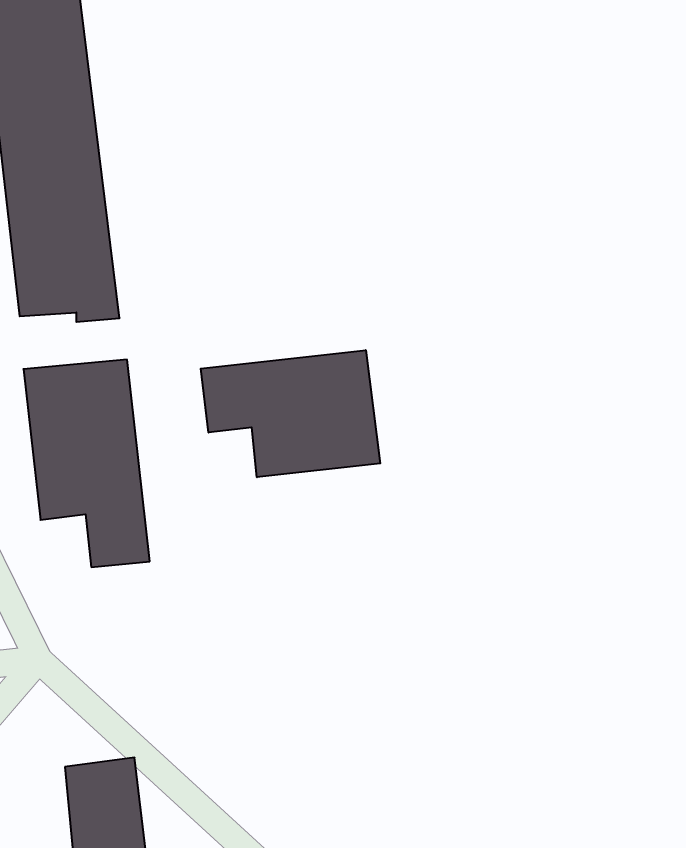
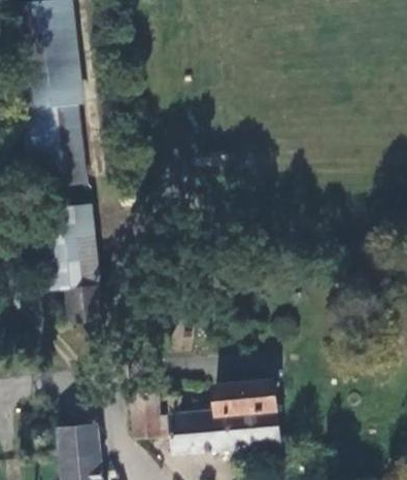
building: [201,350,380,477] -> none
building: none -> [132,381,280,453]

